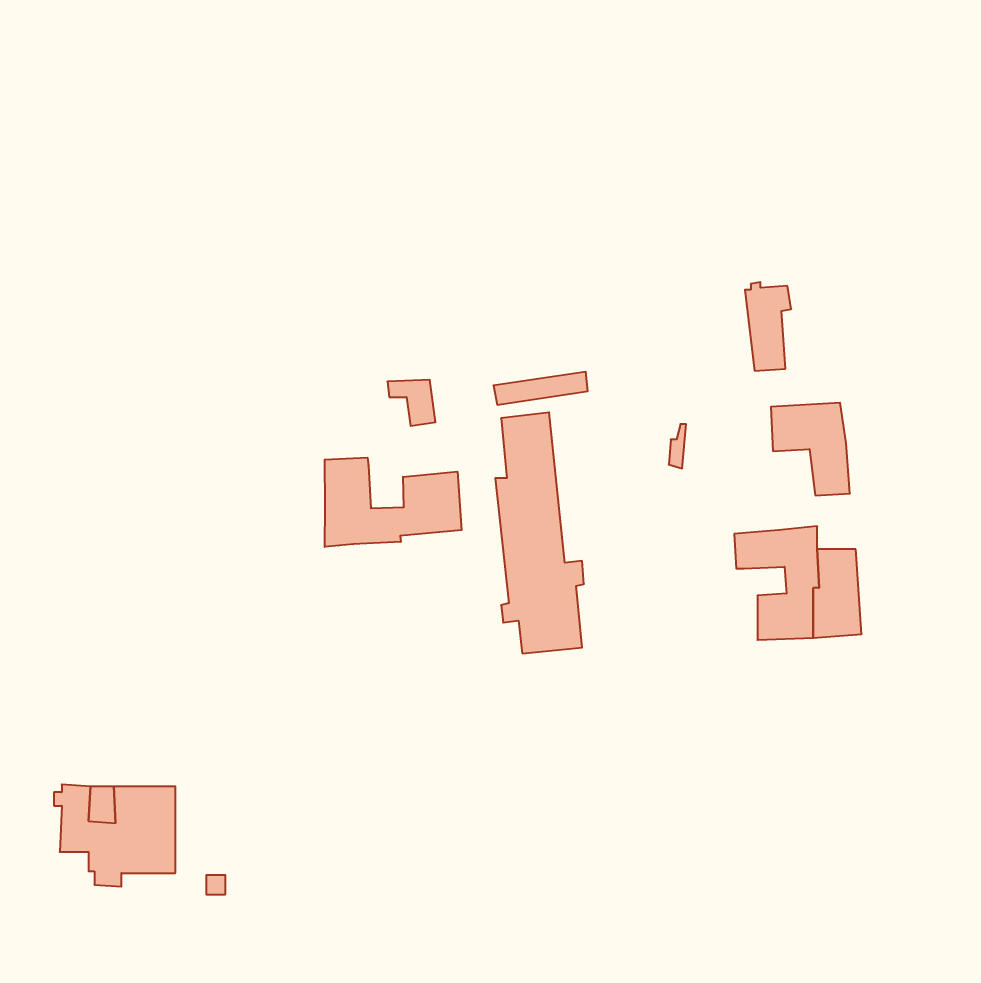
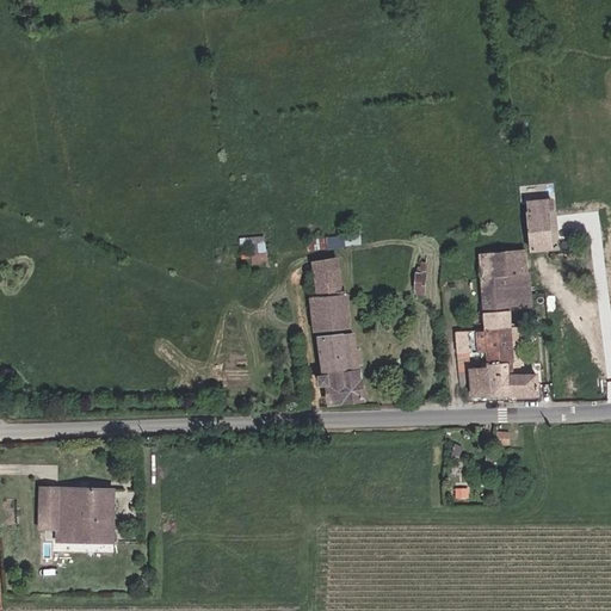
building: [745,282,791,371] -> [524,196,553,251]
building: none -> [481,279,508,329]
building: [325,458,462,547] -> none

